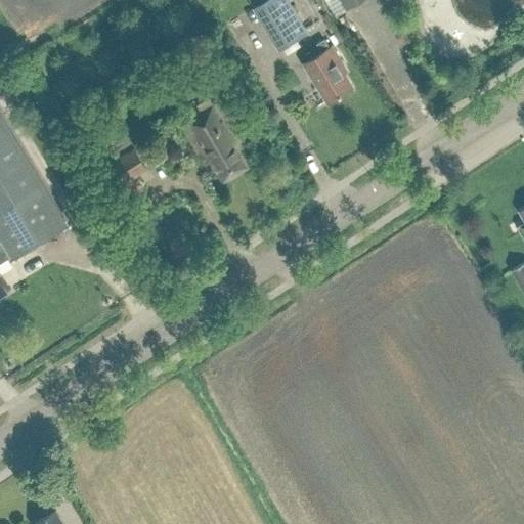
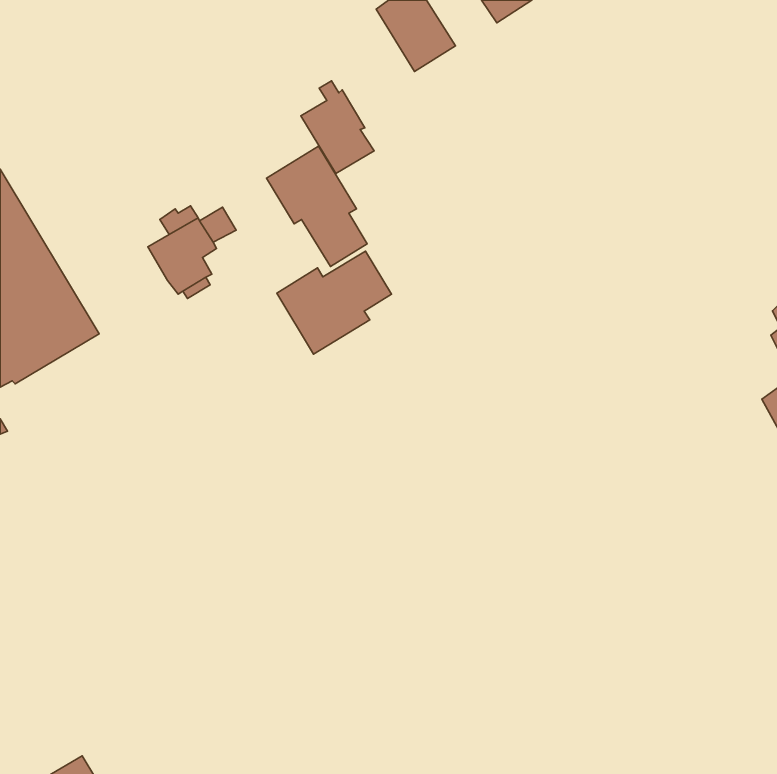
building: [304,41,353,103] -> [301,81,374,174]
building: none -> [277,251,391,354]

